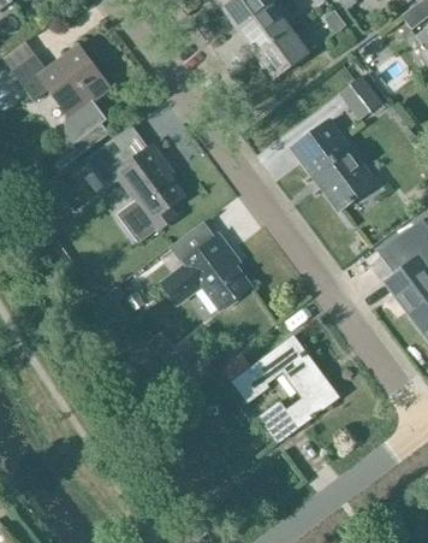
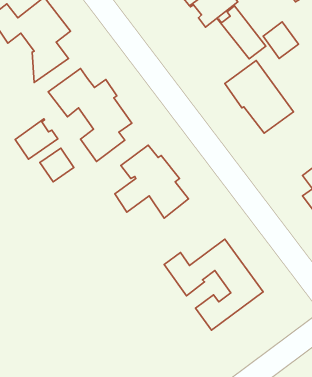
building: none -> [218,6,266,59]
building: none -> [15,119,58,159]
building: none -> [40,148,74,182]

